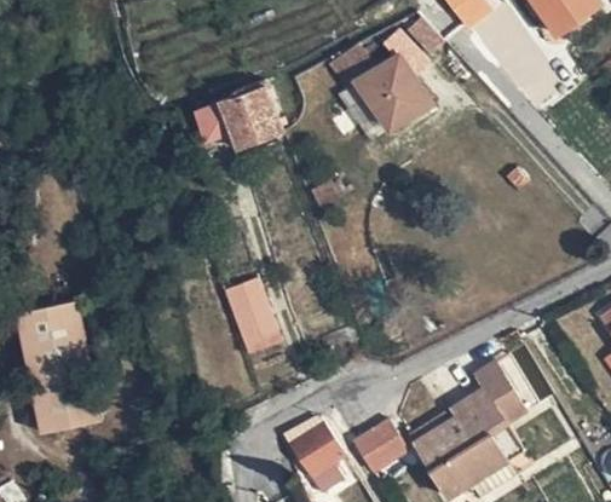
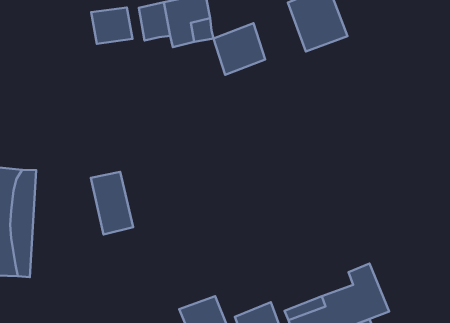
building: none -> [213,23,265,75]
building: none -> [91,7,133,44]
building: [225,283,281,356] -> [91,172,133,235]

